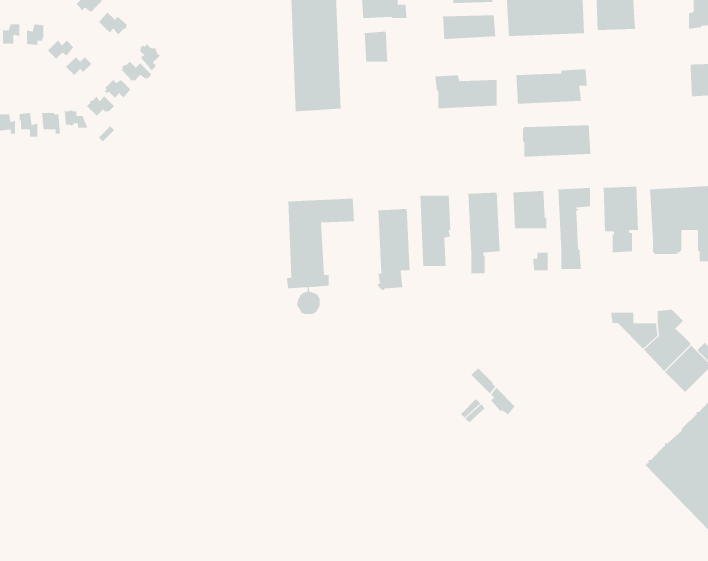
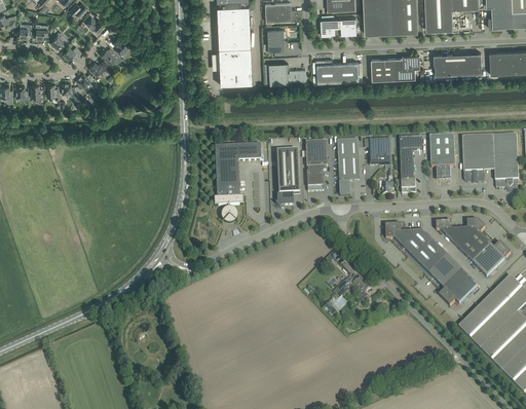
building: none -> [269,64,306,85]
building: [522,125,591,158] -> [435,53,482,76]
building: none -> [385,224,478,306]

